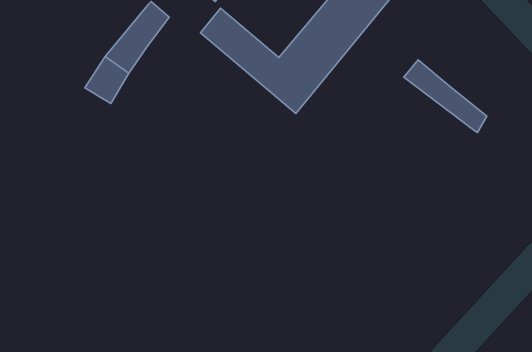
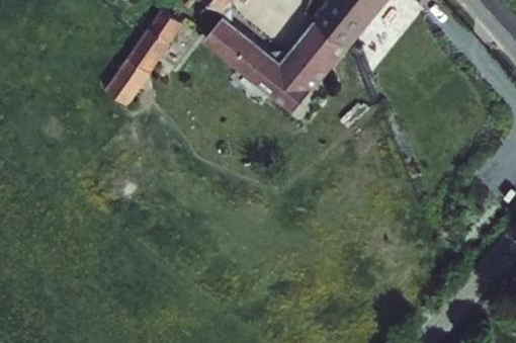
building: [404,60,487,132] -> none

